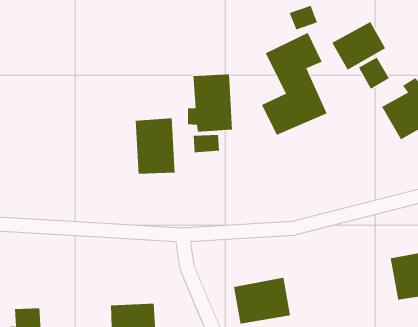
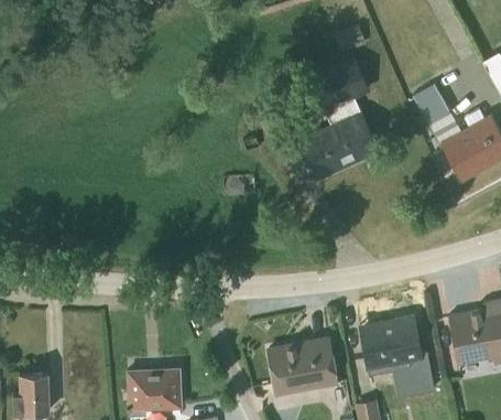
building: [332,21,386,70] -> none
building: [187,73,233,133] -> none
building: [135,117,175,175] -> none
building: none -> [359,319,439,386]

